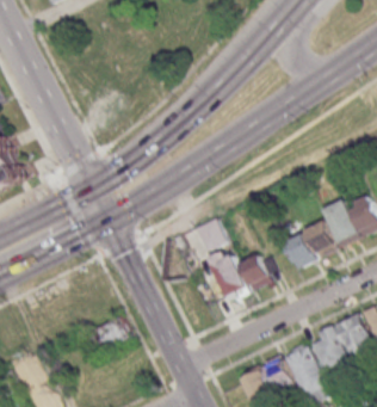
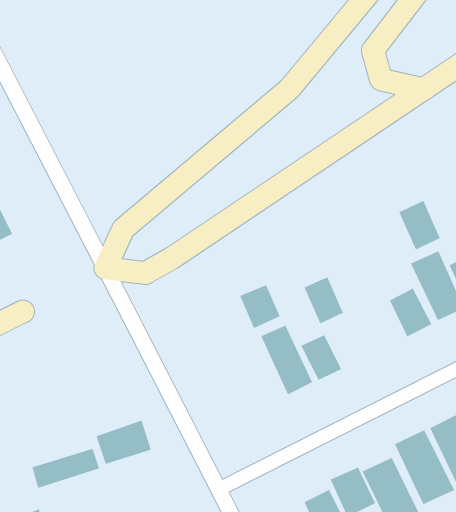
building: none -> [398,200,441,251]
building: [285,233,315,269] -> [304,276,344,324]
building: none -> [31,448,100,489]

